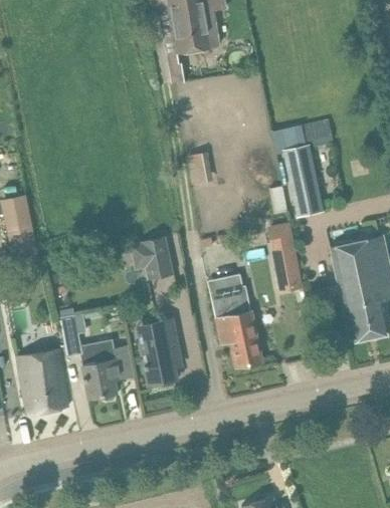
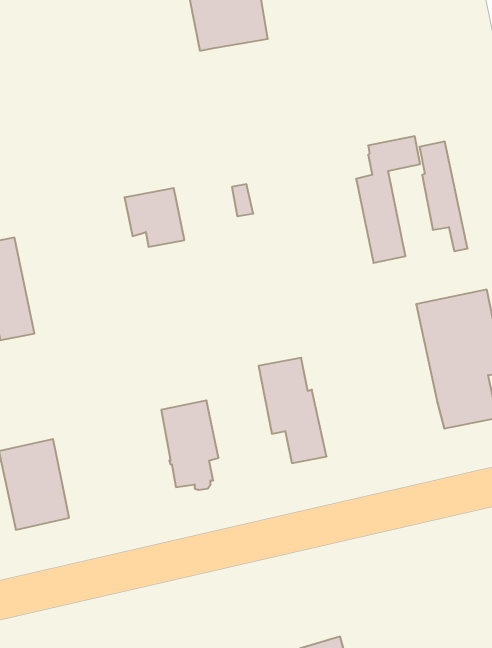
building: [271,223,308,305] -> [419,142,468,251]
building: [129,235,174,279] -> [124,188,184,247]
building: [61,314,132,401] -> none

